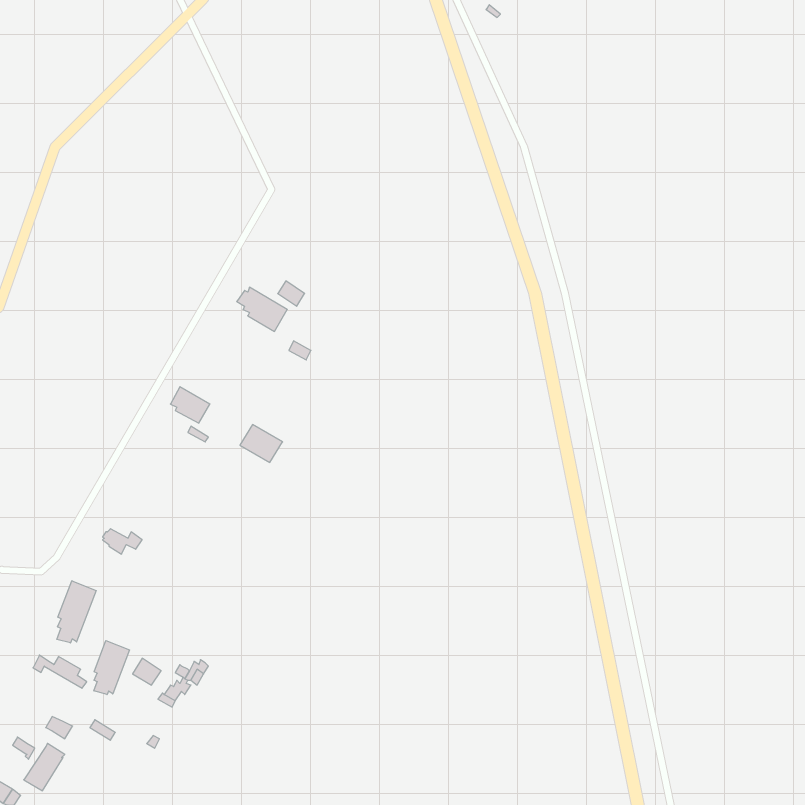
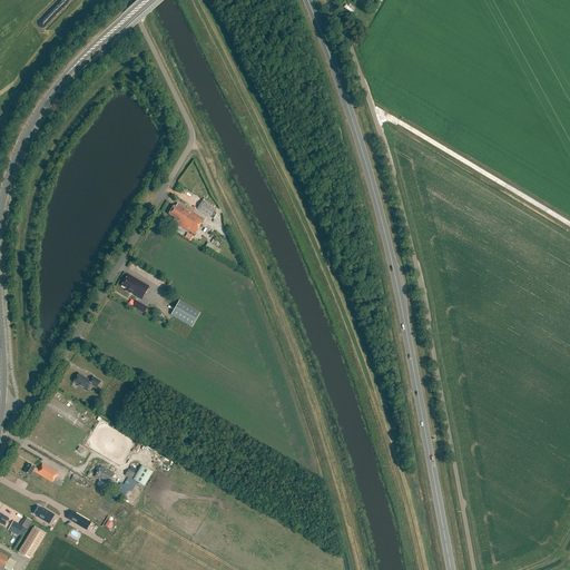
building: [57,581,96,643] -> none
building: [94,641,130,695] -> none

